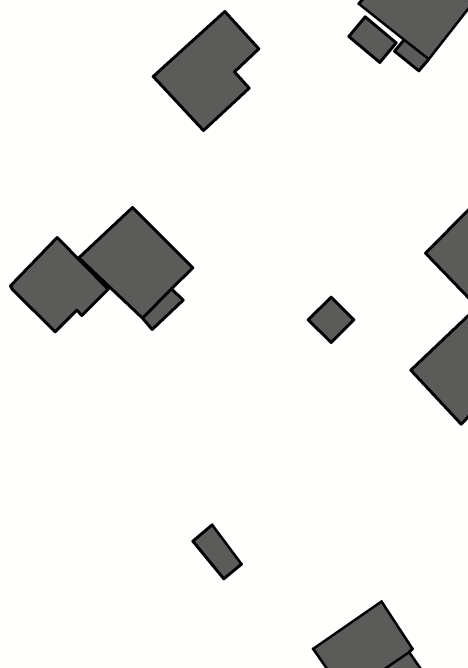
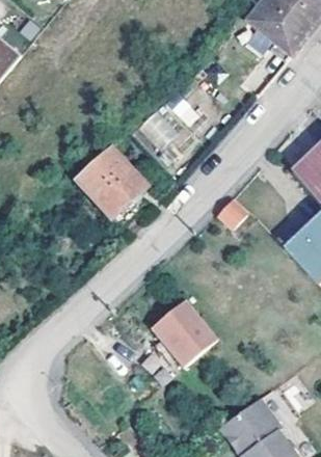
building: [153,12,259,130] -> [134,88,202,164]
building: [11,238,108,332] -> none
building: none -> [151,301,217,369]

